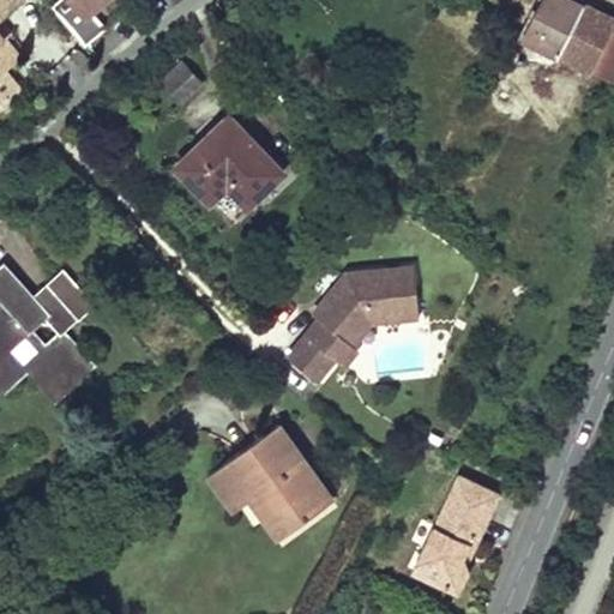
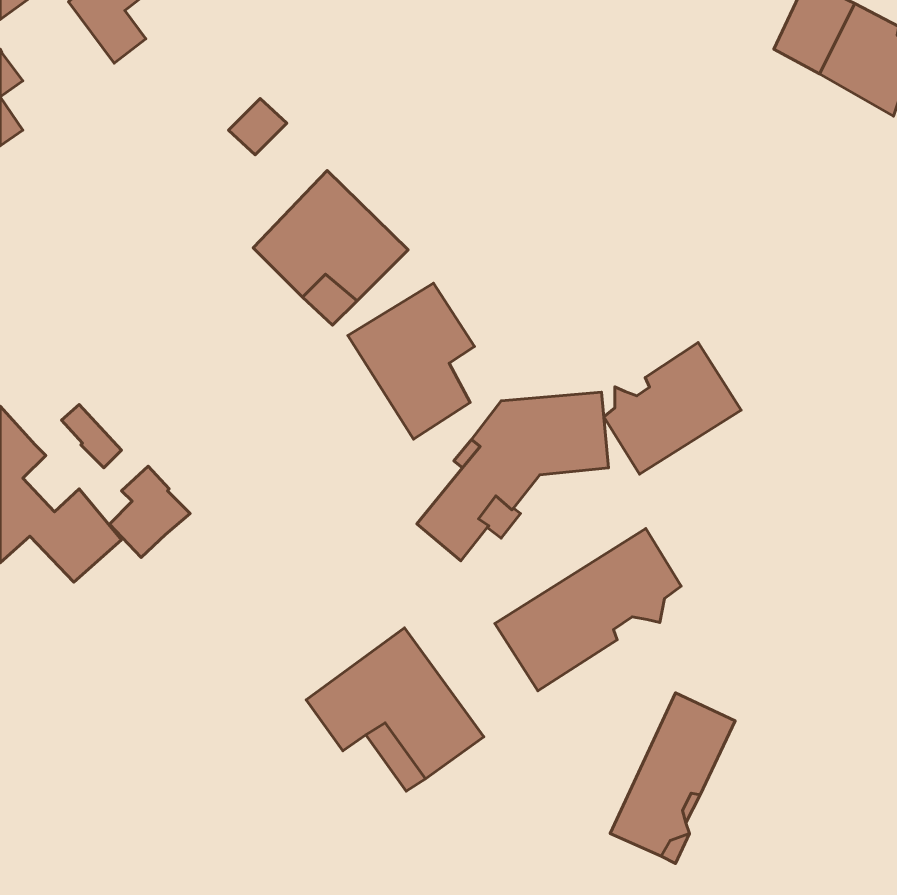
building: none -> [348,283,475,439]
building: none -> [604,343,741,474]
building: [17,287,72,349] -> [109,466,190,558]
building: none -> [495,528,681,691]

